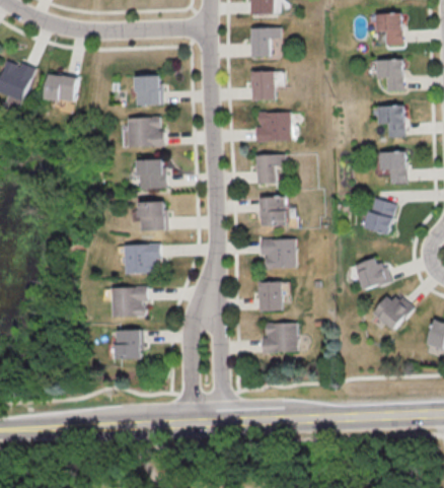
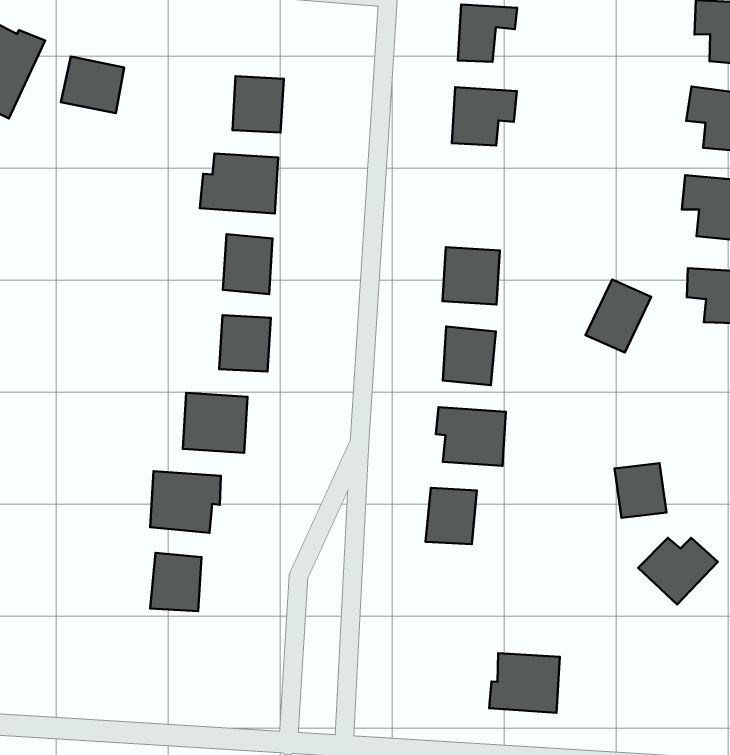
building: [255,112,289,141] -> none
building: [368,198,400,235] -> [586,279,651,352]
building: [263,322,298,352] -> [489,653,560,713]

